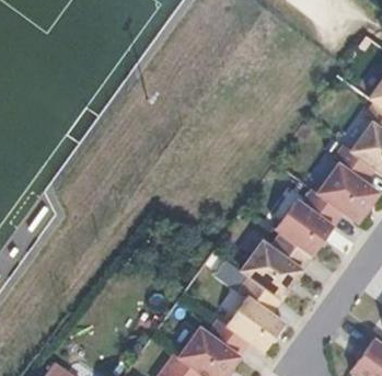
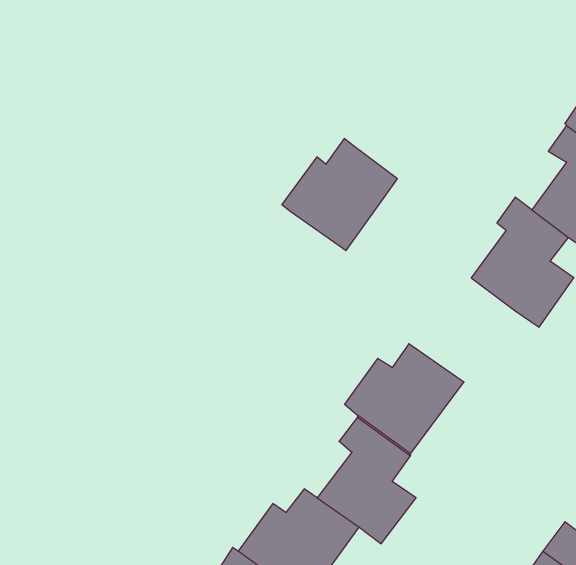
building: [275,189,344,255] -> [282,139,397,251]

